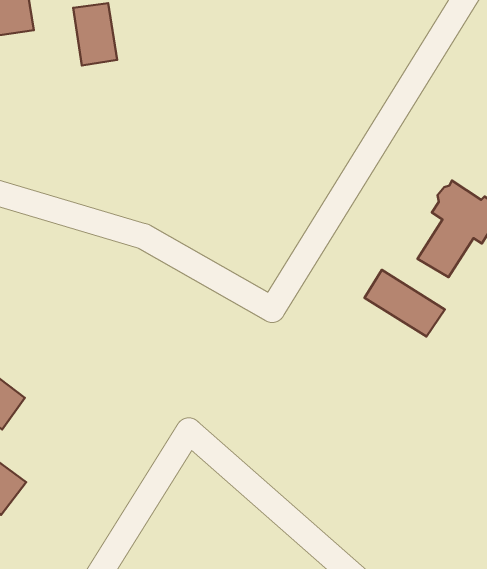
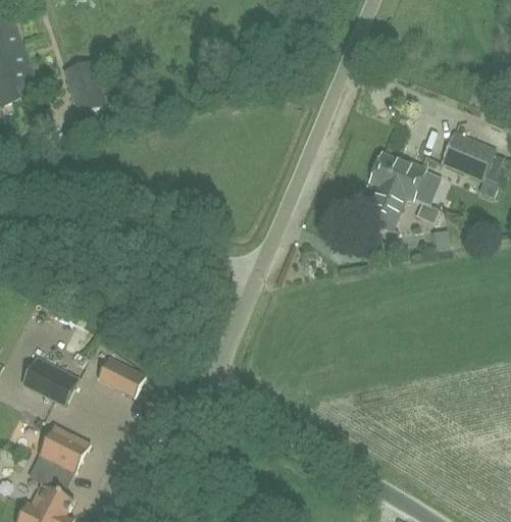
building: [364,270,445,336] -> none
building: none -> [97,355,146,396]

